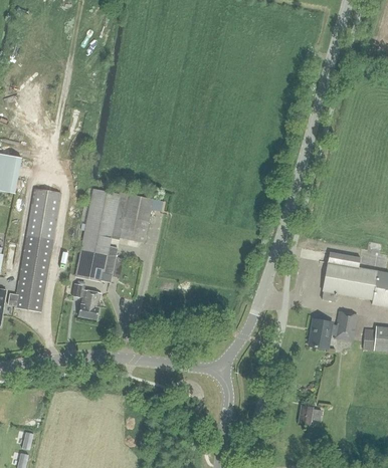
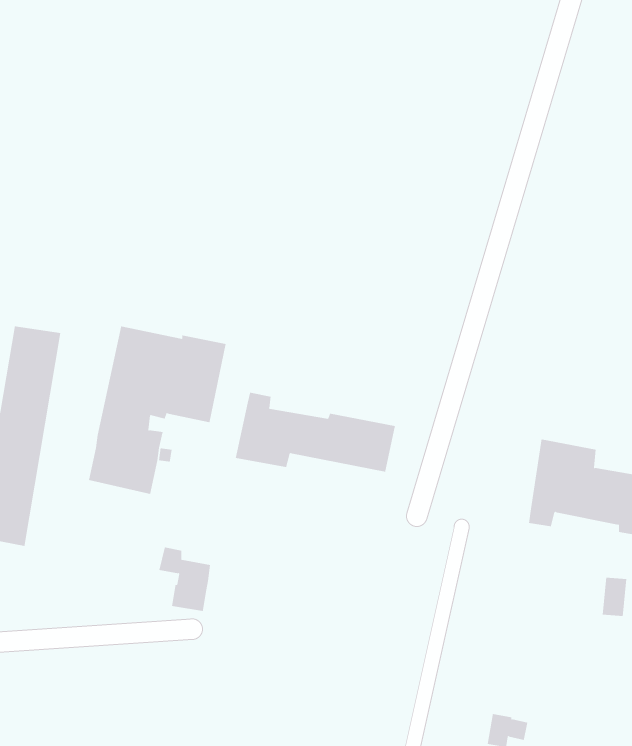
building: none -> [235,392,396,472]
building: [71,282,101,318] -> [159,547,211,611]
building: [309,310,356,348] -> none

